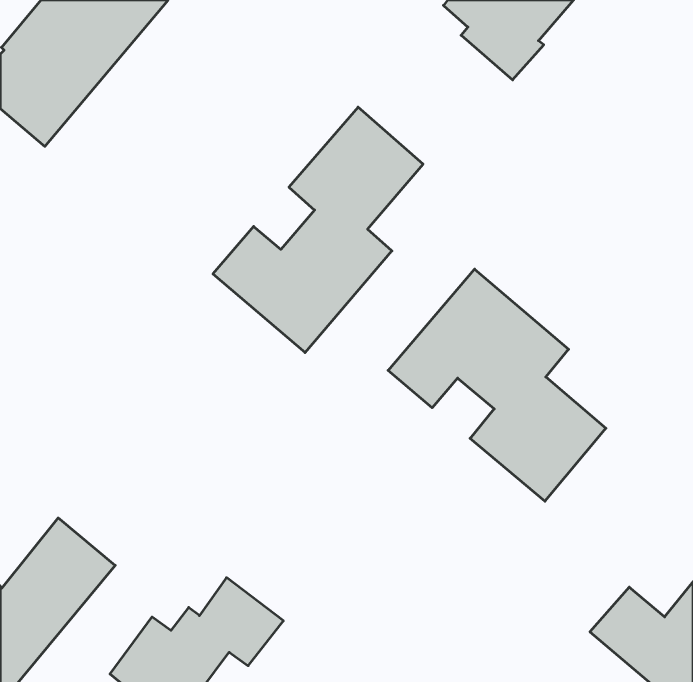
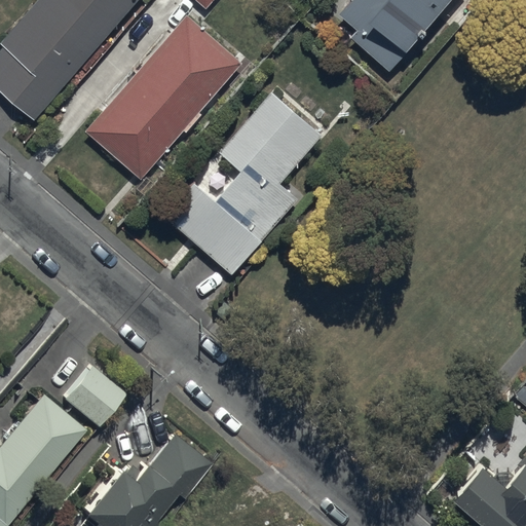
building: none -> [84,13,241,178]
building: [388,269,606,501] -> none
building: none -> [63,374,124,436]

